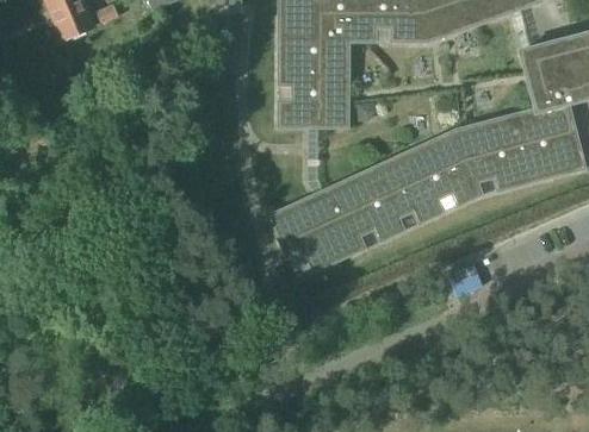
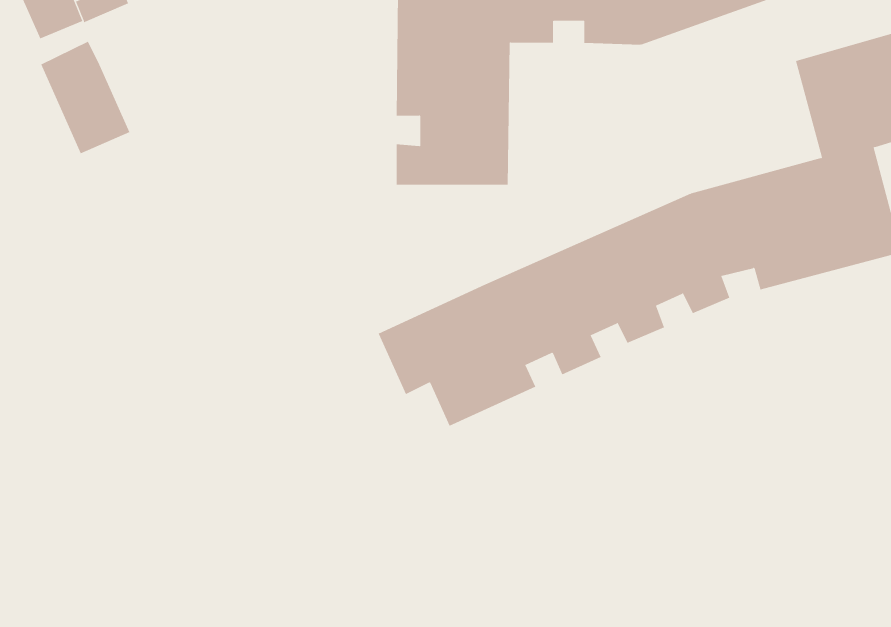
building: none -> [40,41,130,154]

